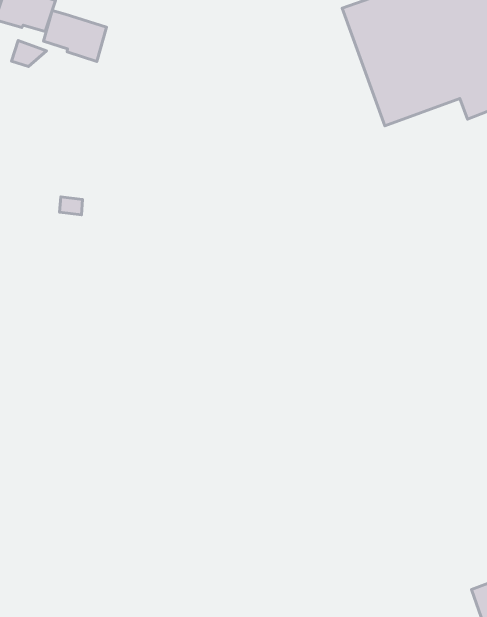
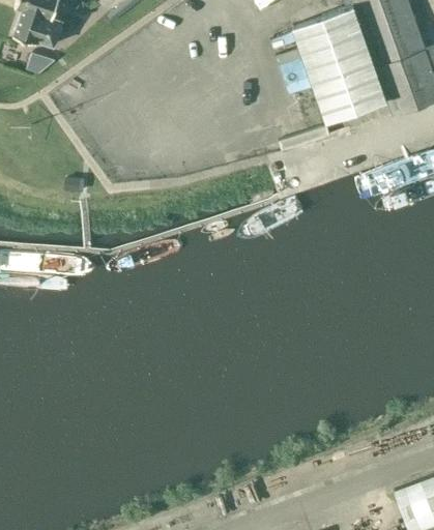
building: [44,11,107,62] -> none

